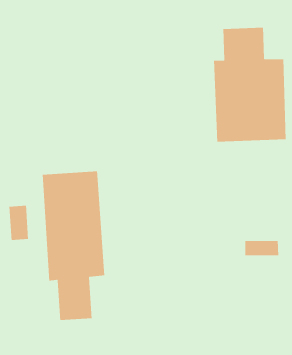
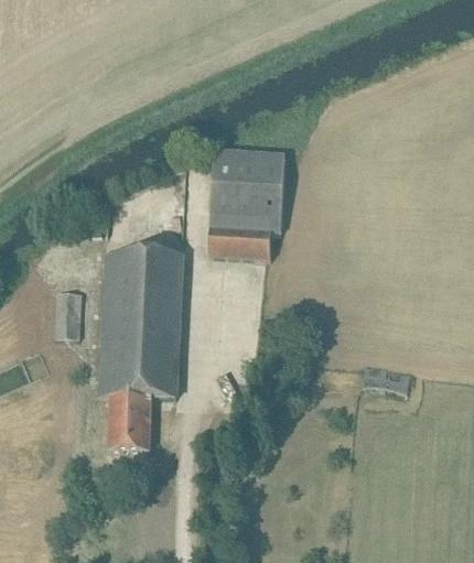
building: [213,27,287,142] -> none
building: none -> [208,151,284,257]

